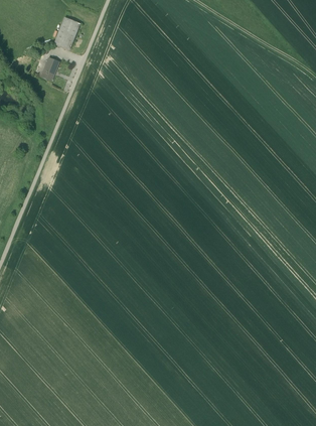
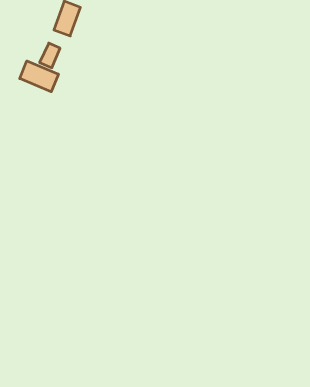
building: none -> [20,61,58,92]

